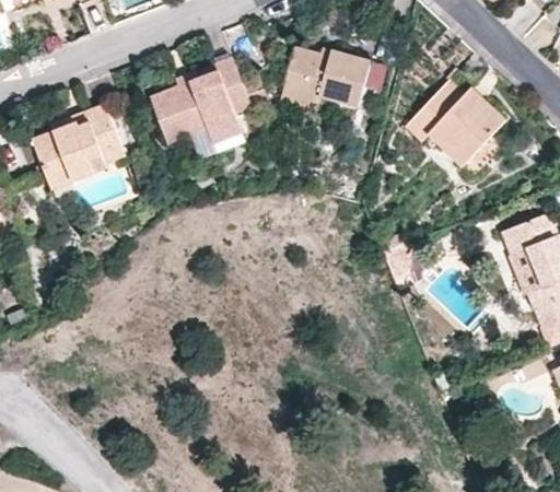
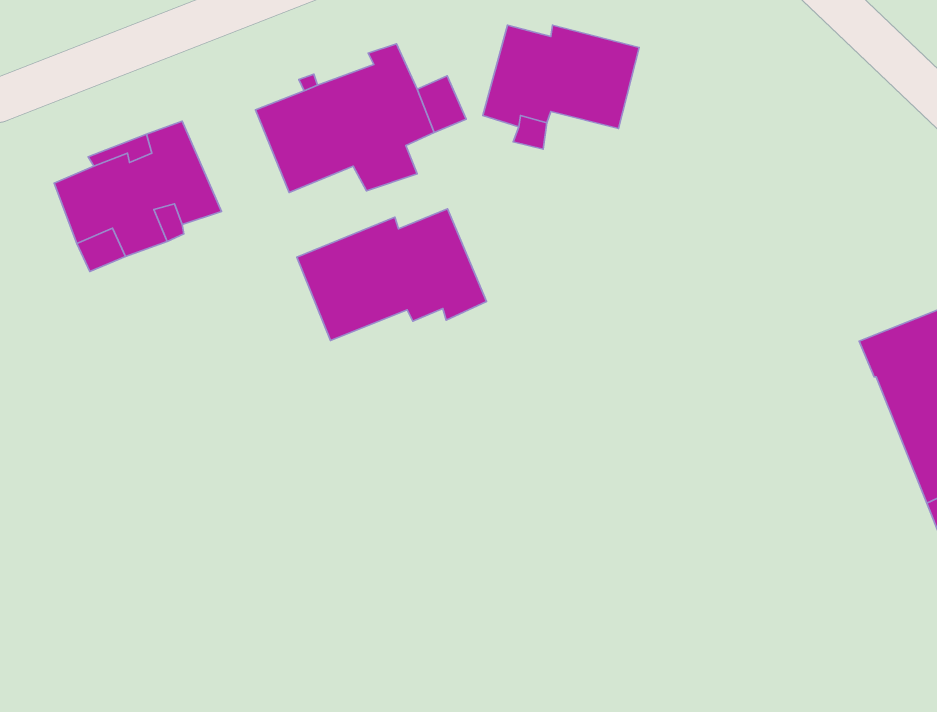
building: [406,80,508,167] -> none
building: none -> [297,209,486,340]

